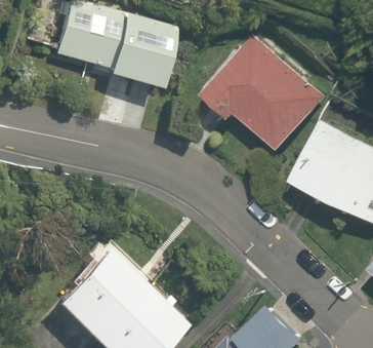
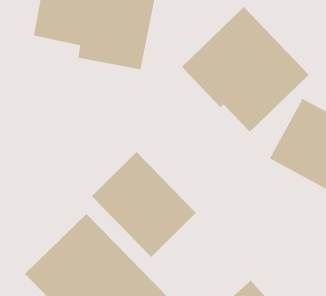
building: none -> [91,151,196,258]

